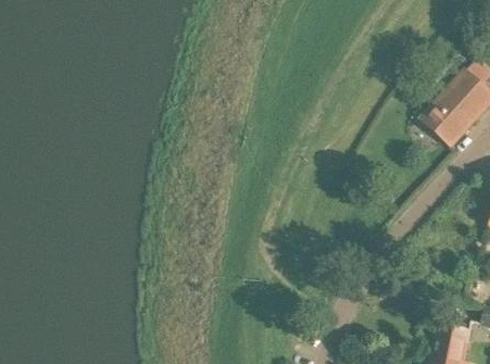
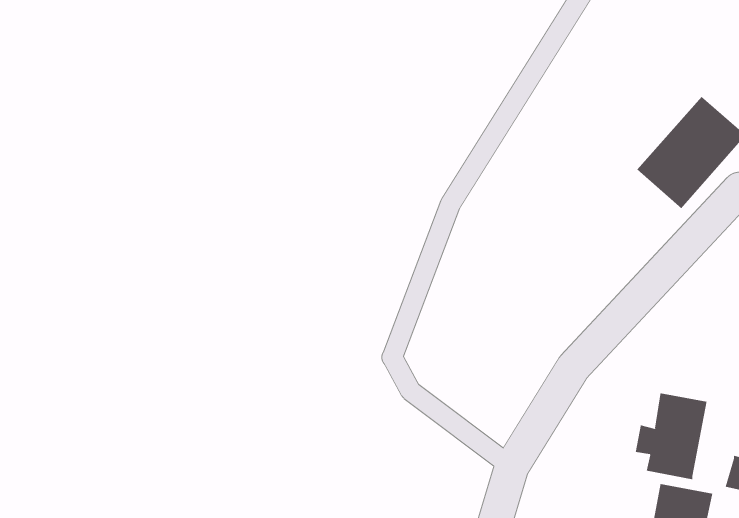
building: none -> [635,392,707,480]

